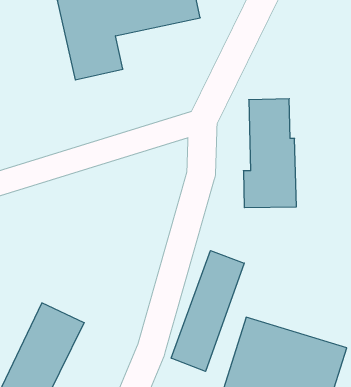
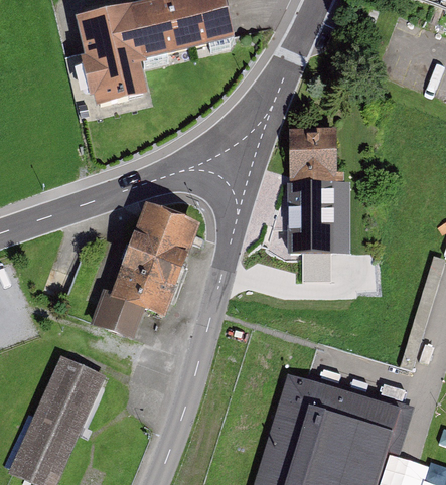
building: none -> [91,203,202,338]
building: [171,251,244,371] -> none

